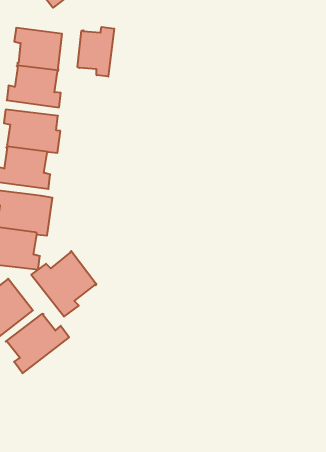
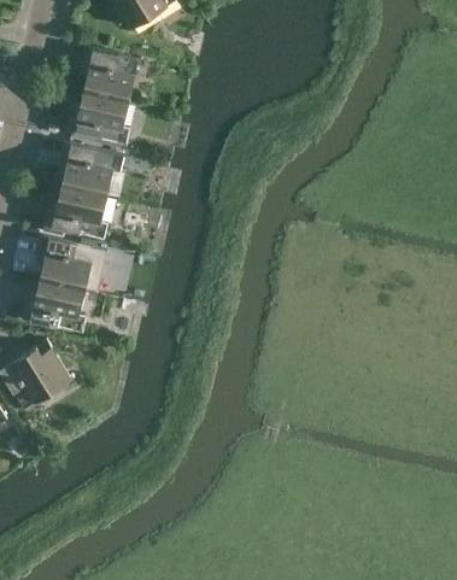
building: [78,27,114,77] -> none
building: [31,251,96,317] -> none
building: [6,314,69,373] -> none

